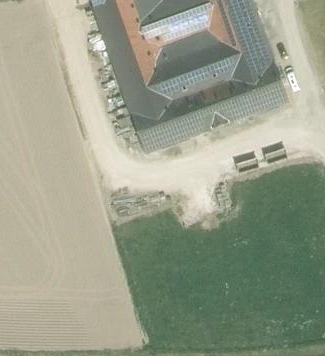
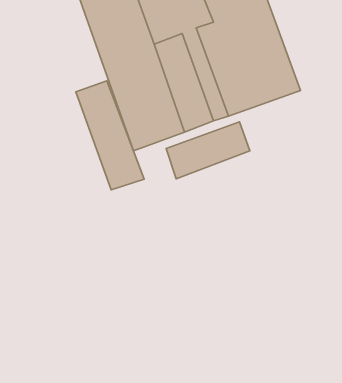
building: none -> [76,81,144,190]
building: none -> [166,122,250,179]

